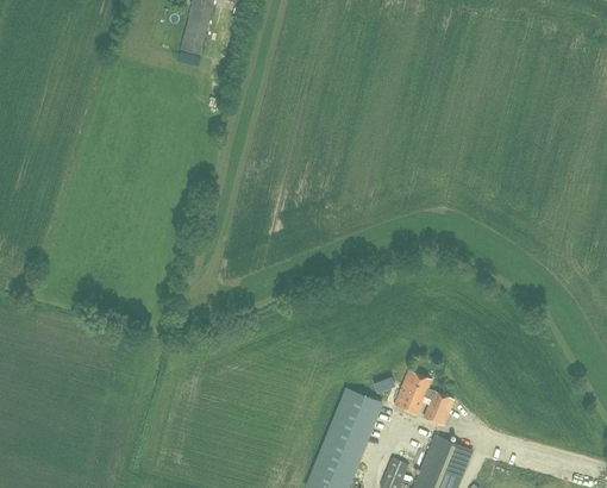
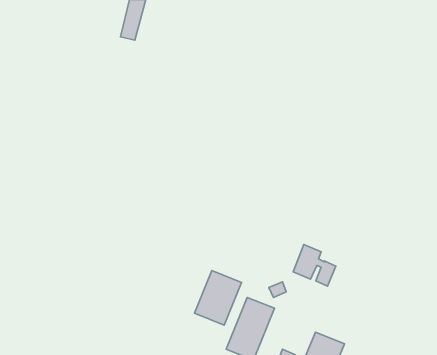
building: none -> [194,270,241,325]
building: [394,369,450,424] -> [293,244,336,286]

